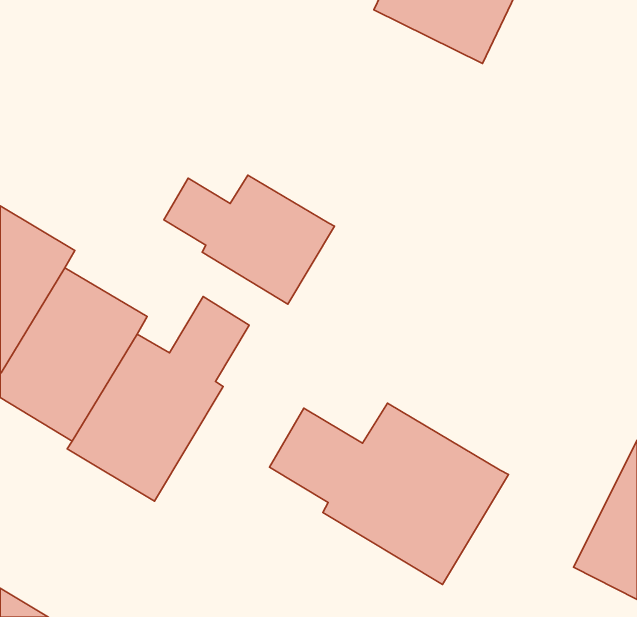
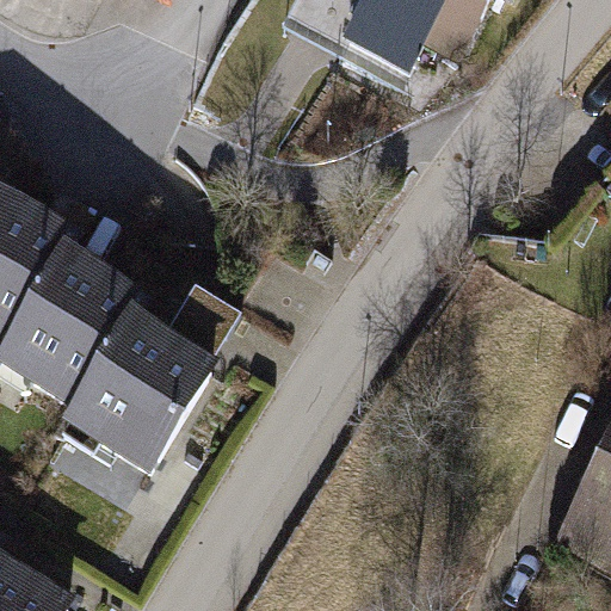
building: [164,175,335,304] -> none
building: [269,403,508,585] -> none

